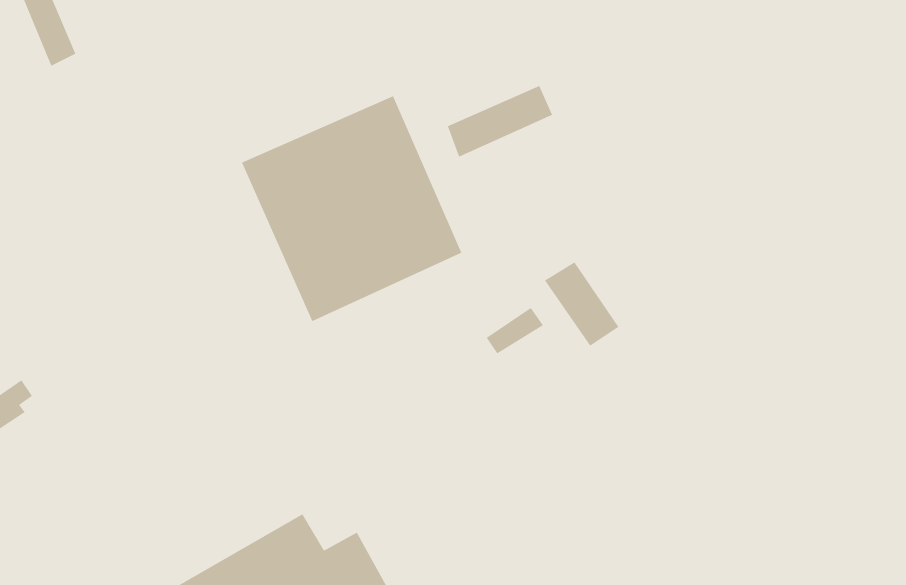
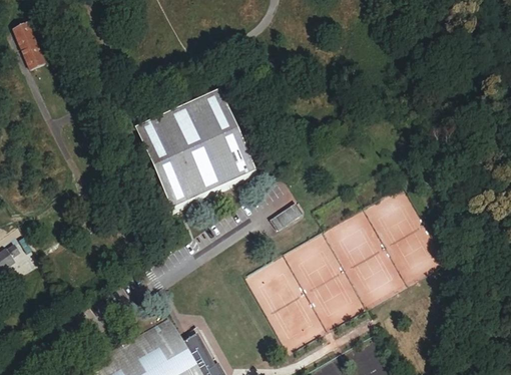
building: [447,85,553,157] -> none
building: [544,262,619,347] -> none

